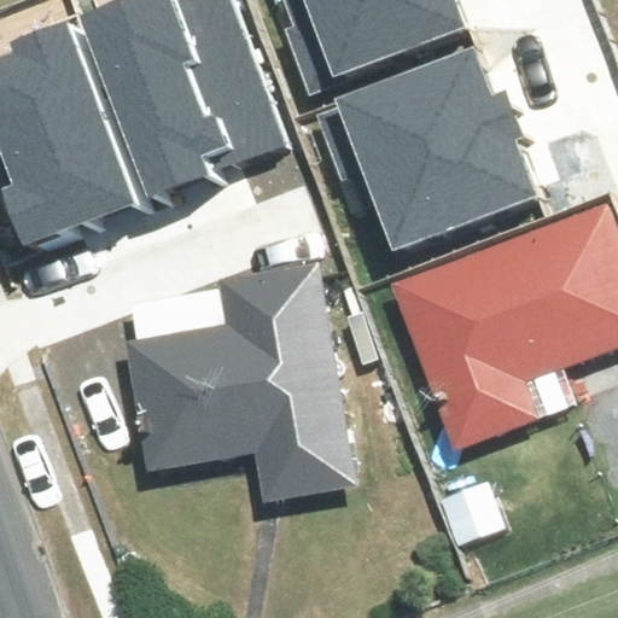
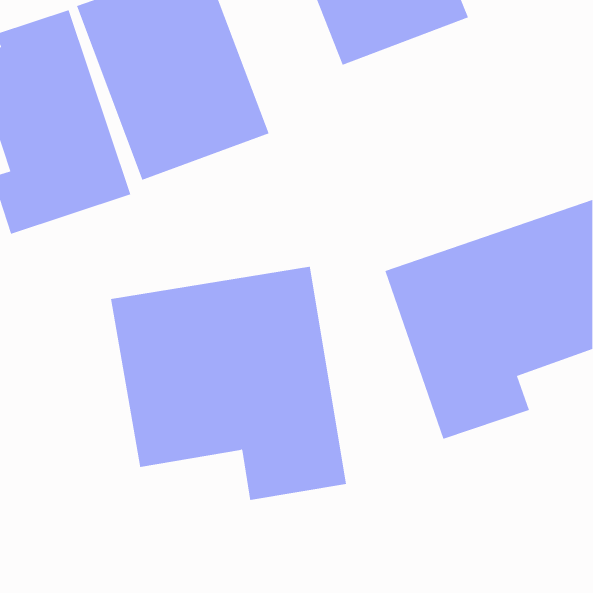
building: [367,52,548,234] -> none

